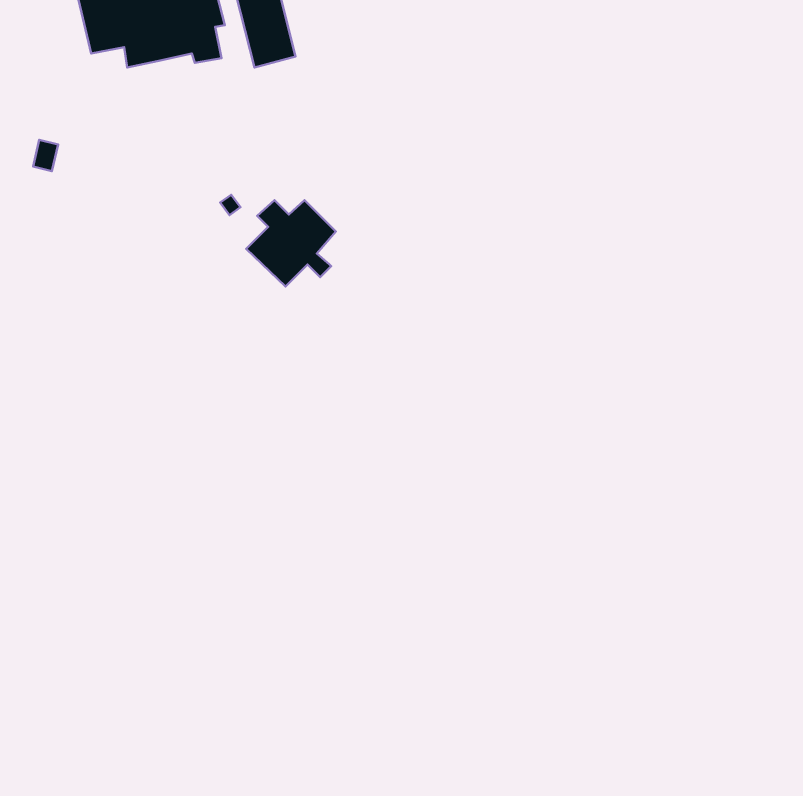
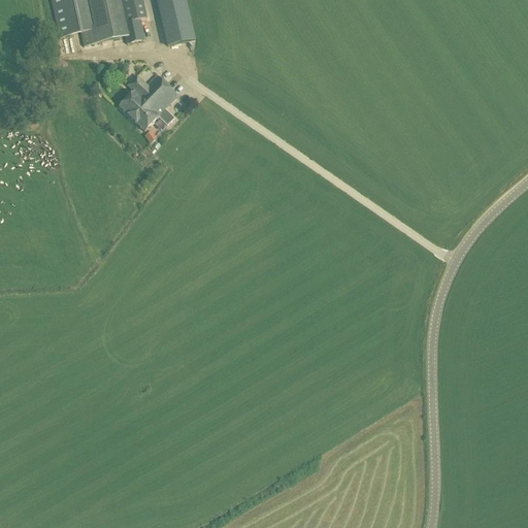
building: [246,200,336,287] -> [120,72,178,129]

